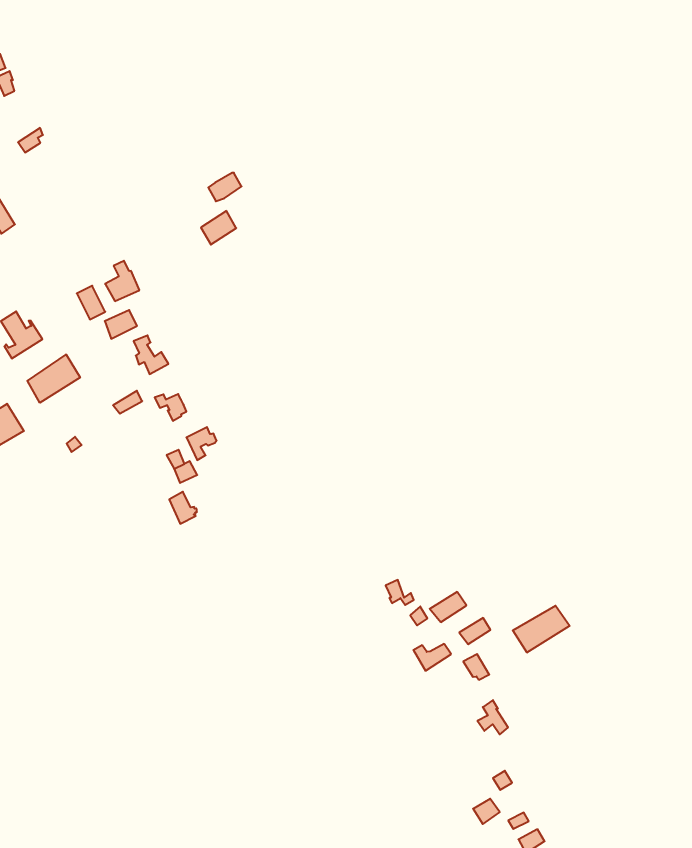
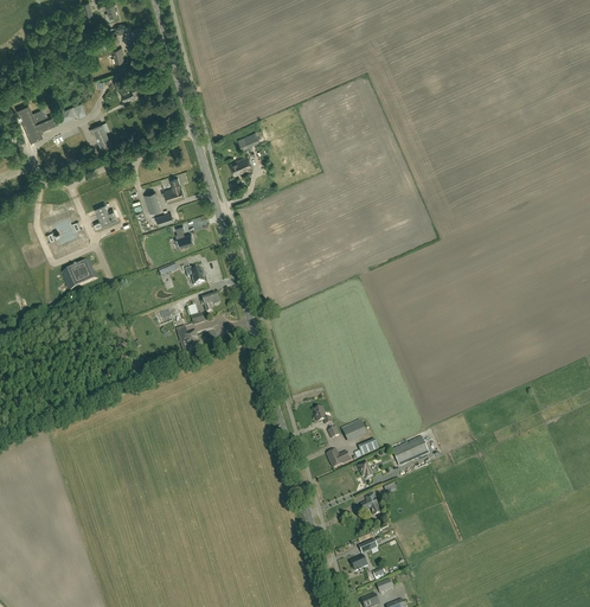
building: [27,354,80,403] -> none

